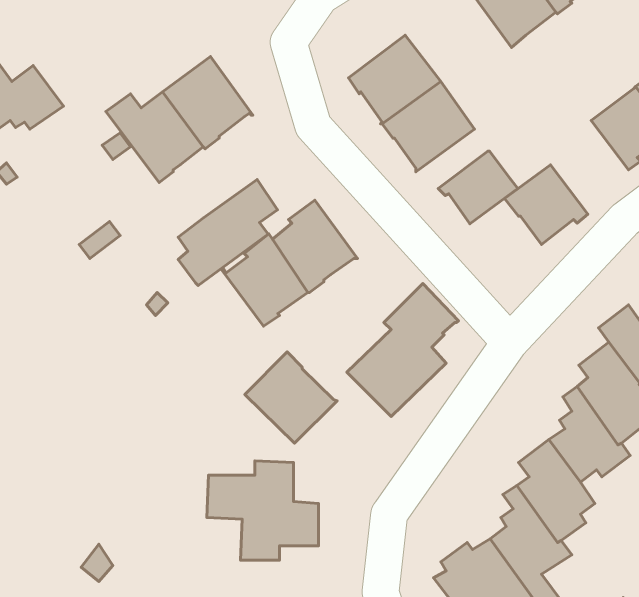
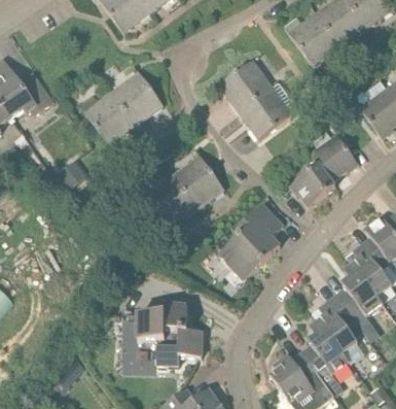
building: [438,151,518,224] -> [289,164,335,206]
building: [178,180,278,285] -> none
building: [245,352,337,443] -> none

